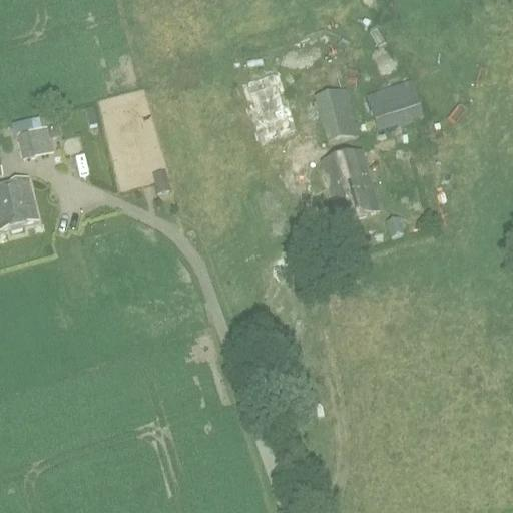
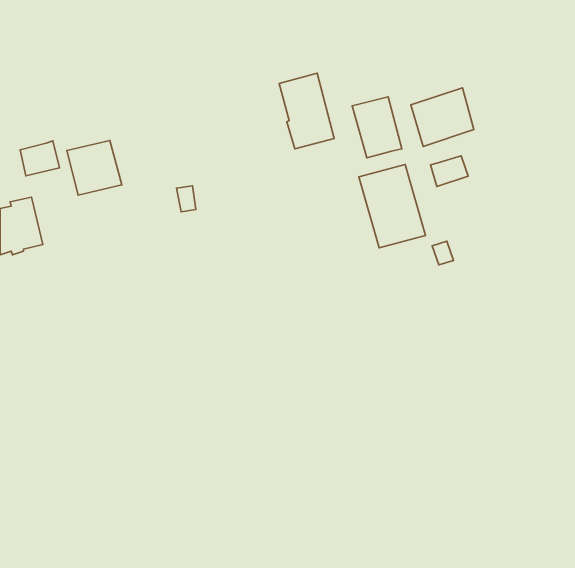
building: none -> [67,141,122,195]
building: none -> [430,156,468,186]

